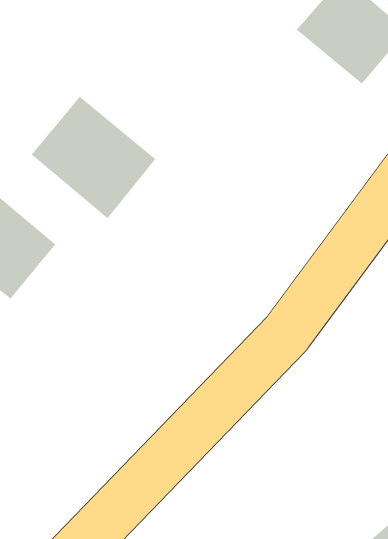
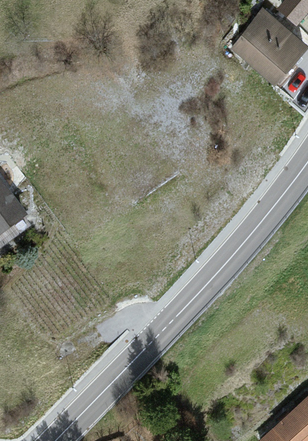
building: [31,96,156,219] -> none

